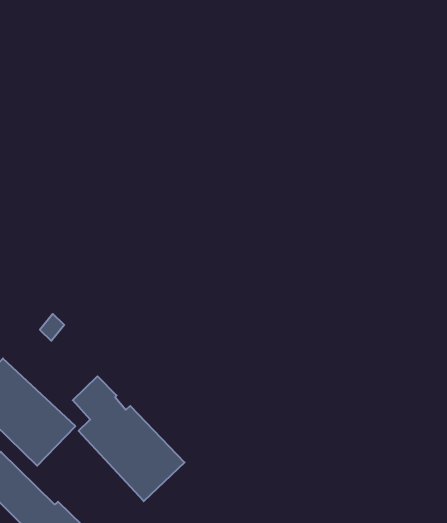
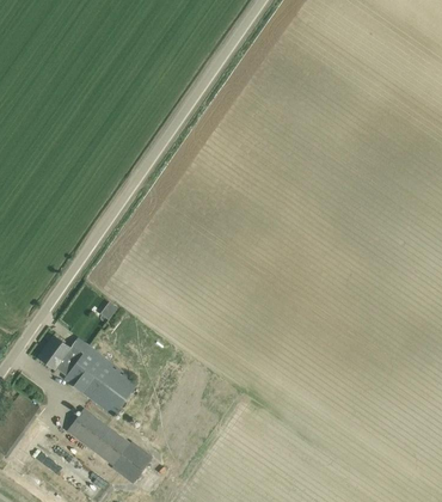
building: [73,376,185,501] -> none

